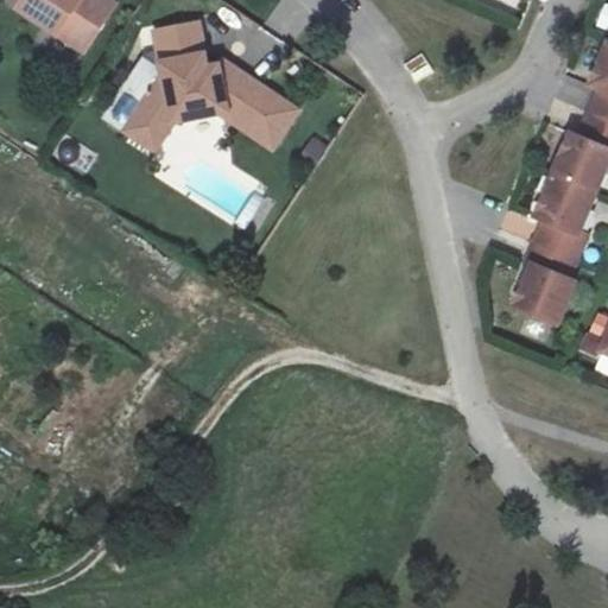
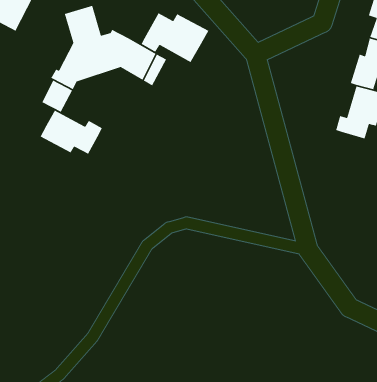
building: none -> [141,12,209,63]
building: none -> [39,110,103,155]
building: [517,238,577,315] -> none

